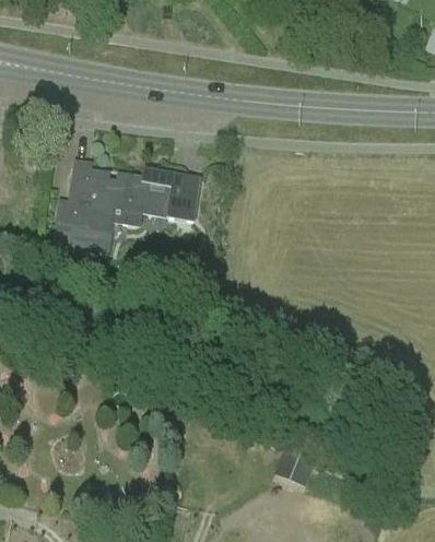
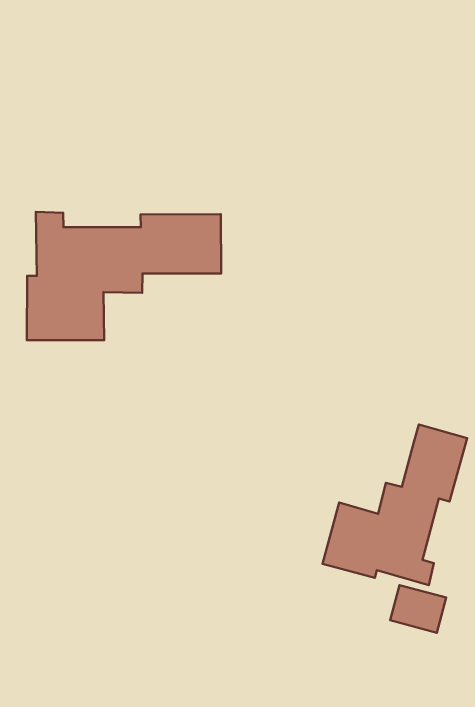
building: none -> [322,424,467,585]

